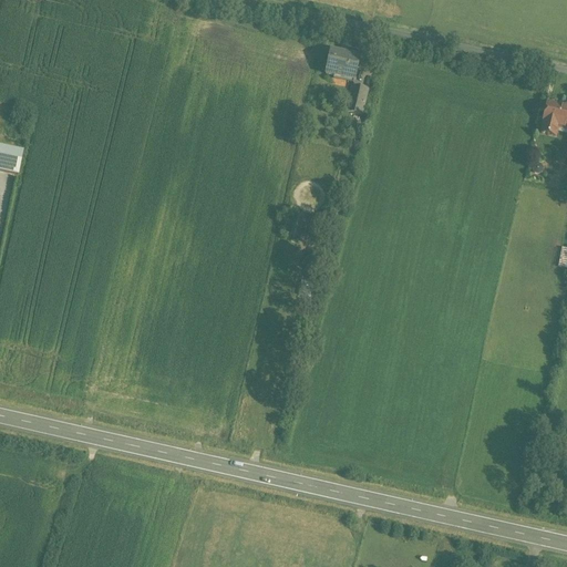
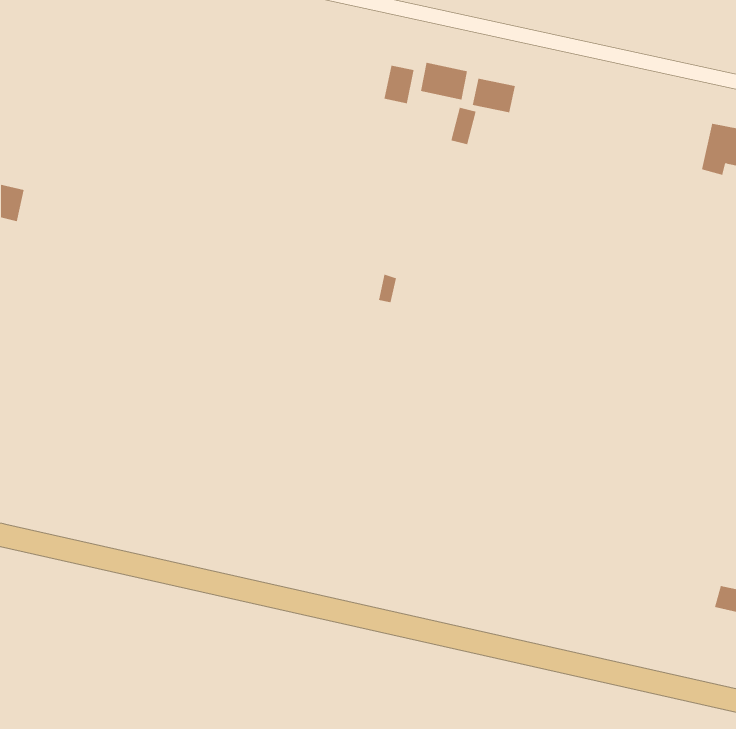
building: none -> [384,65,414,104]
building: none -> [472,78,515,113]

